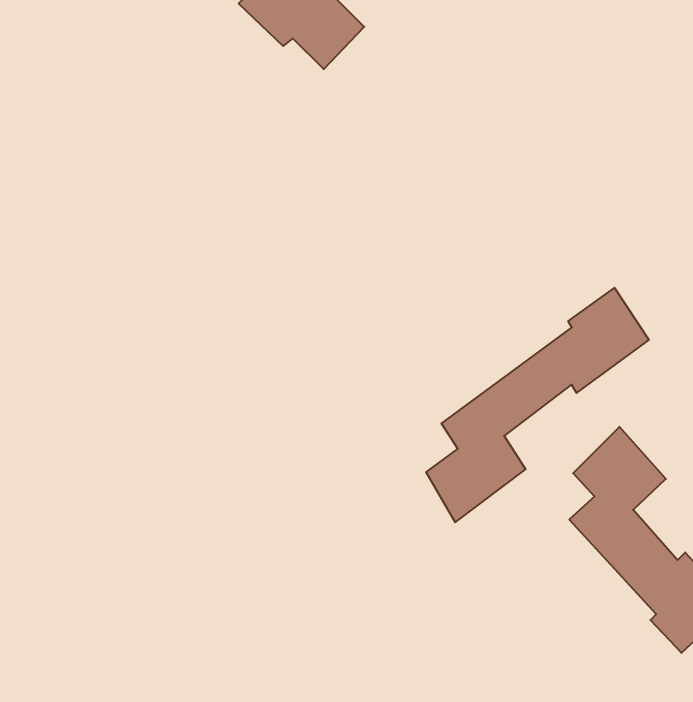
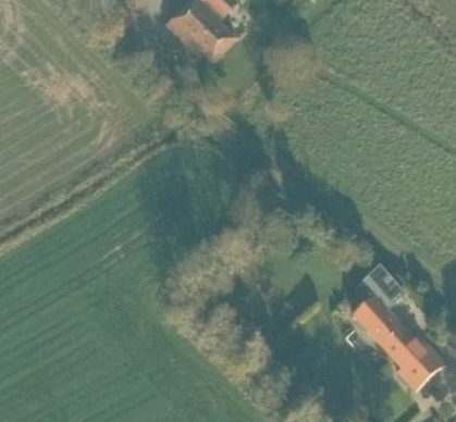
building: [426,288,649,522] -> none

